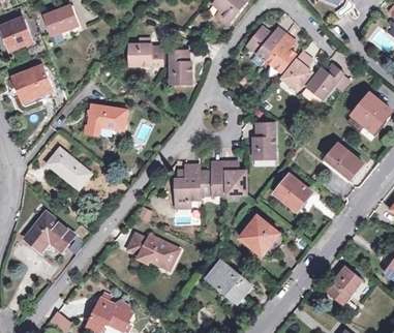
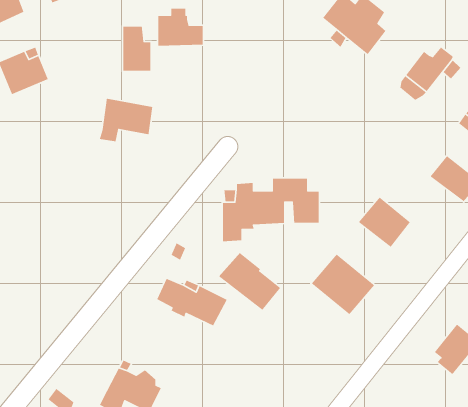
building: [170,50,190,83] -> [123,26,151,72]
building: [282,52,313,89] -> none
building: [252,122,275,158] -> none
building: [47,148,91,188] -> none
building: [26,212,74,250] -> none
building: [206,260,251,302] -> [218,252,281,311]

